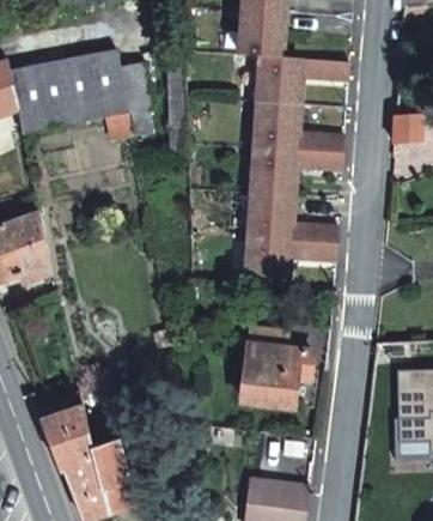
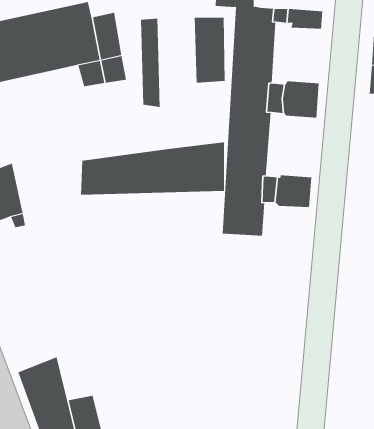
building: none -> [194,17,225,83]
building: none -> [80,141,224,195]
building: [240,322,310,405] -> none

